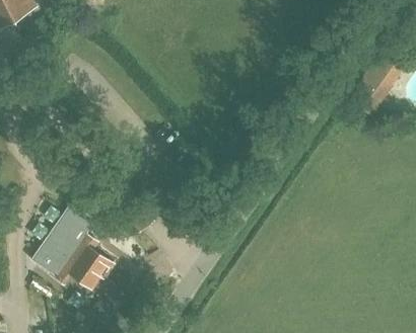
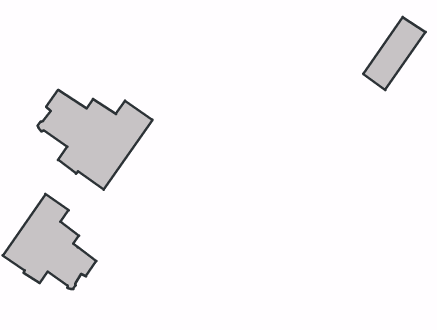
building: none -> [38,90,152,190]

